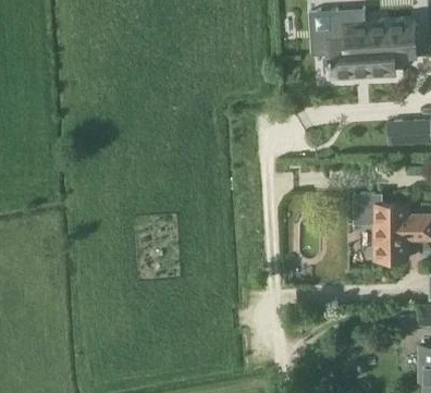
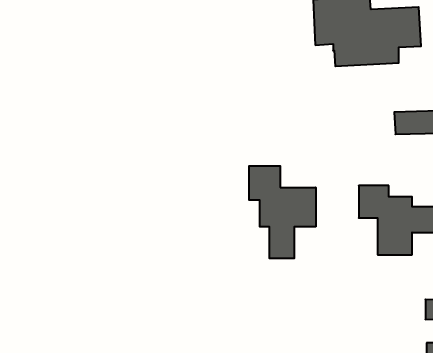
building: none -> [249,166,316,258]

